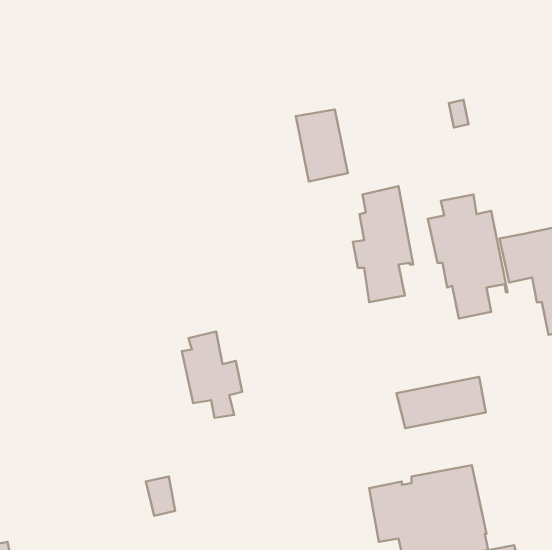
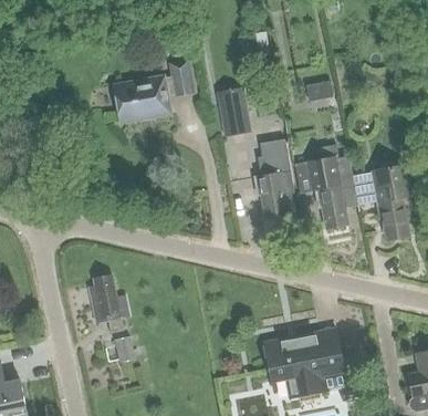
building: none -> [113,61,192,123]
building: [182,332,242,418] -> [87,274,128,333]
building: [396,377,486,428] -> none

